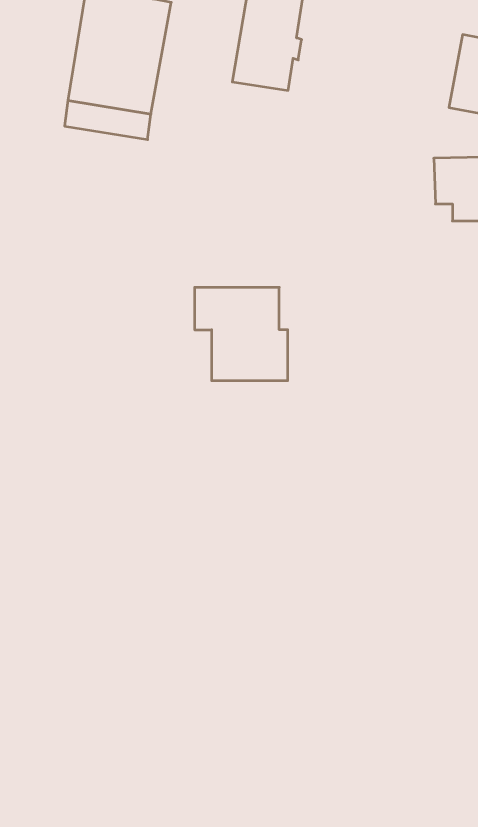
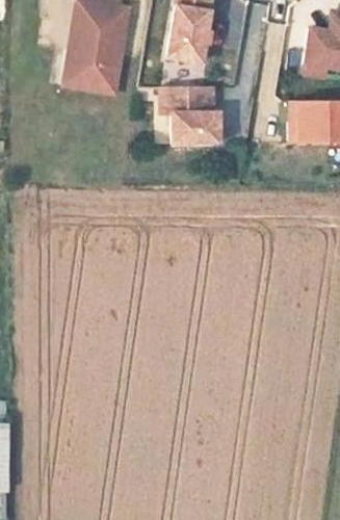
building: [195,287,288,381] -> [162,87,219,145]

